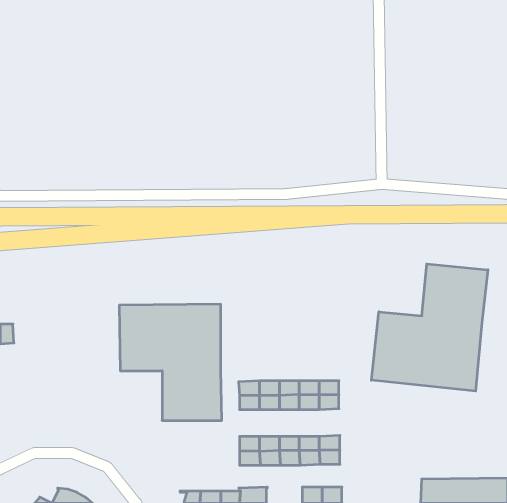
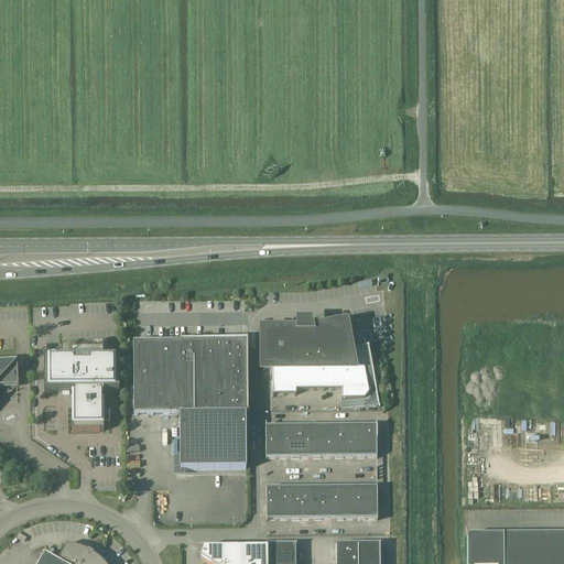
building: [371,264,488,391] -> none
building: none -> [263,325,380,402]
building: none -> [46,339,118,427]

